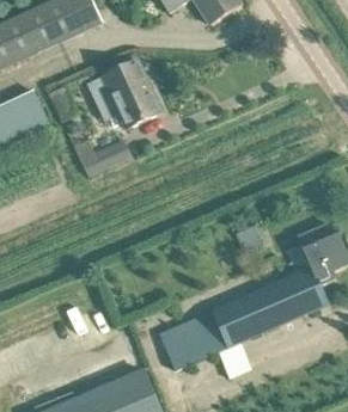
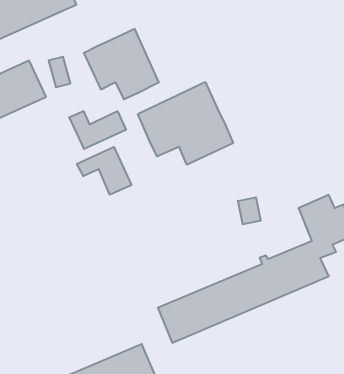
building: none -> [138,82,233,165]
building: none -> [77,147,131,195]

